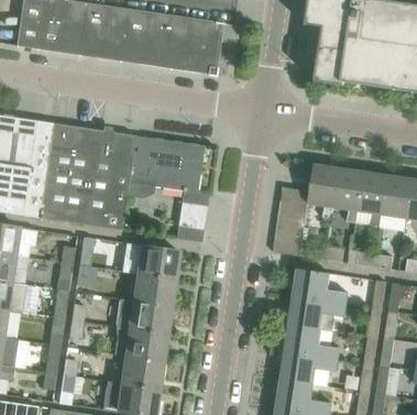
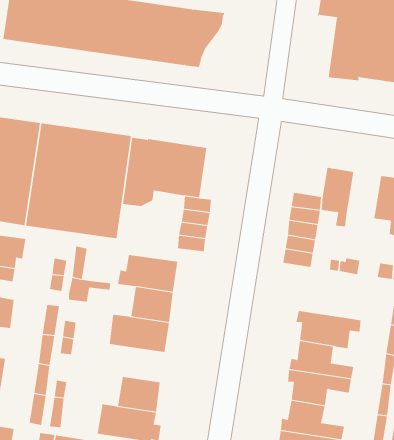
building: [333,167,364,222] -> none
building: [288,267,349,304] -> none
building: [113,326,166,361] -> none

